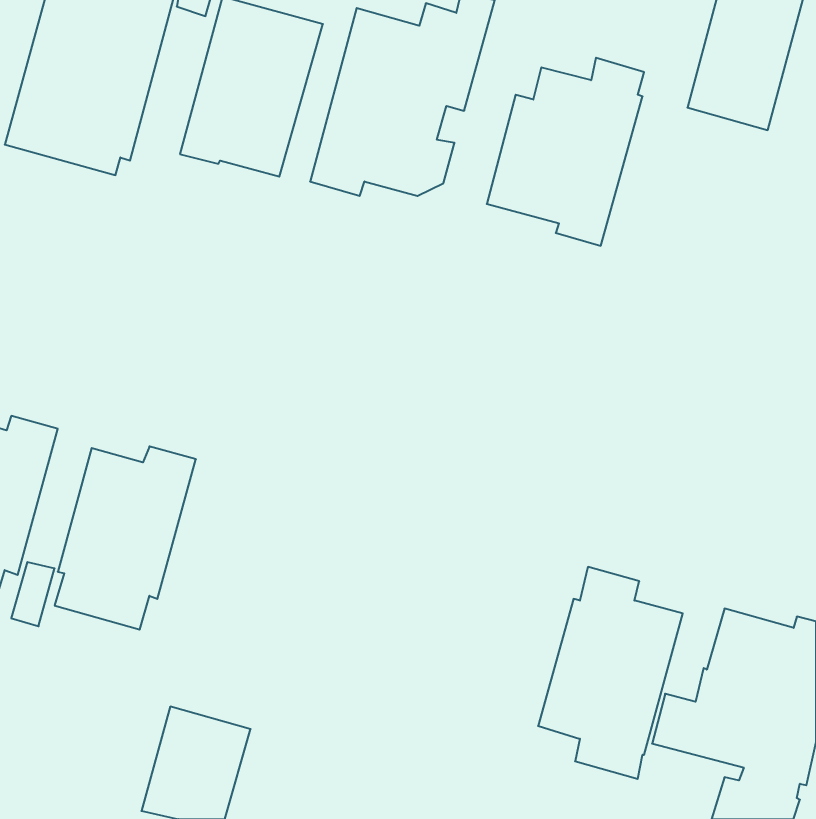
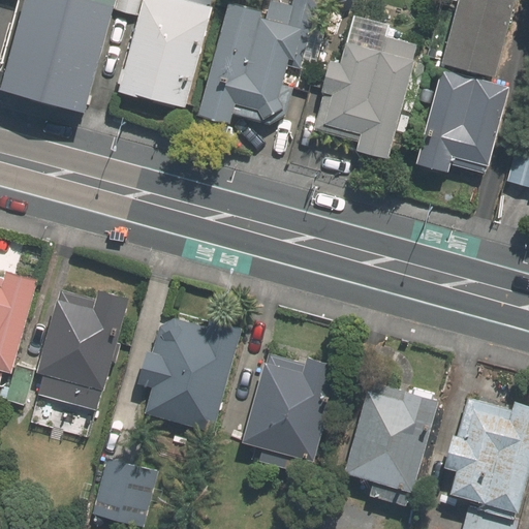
building: none -> [413,74,506,178]
building: none -> [138,313,242,437]
building: none -> [244,348,340,469]

